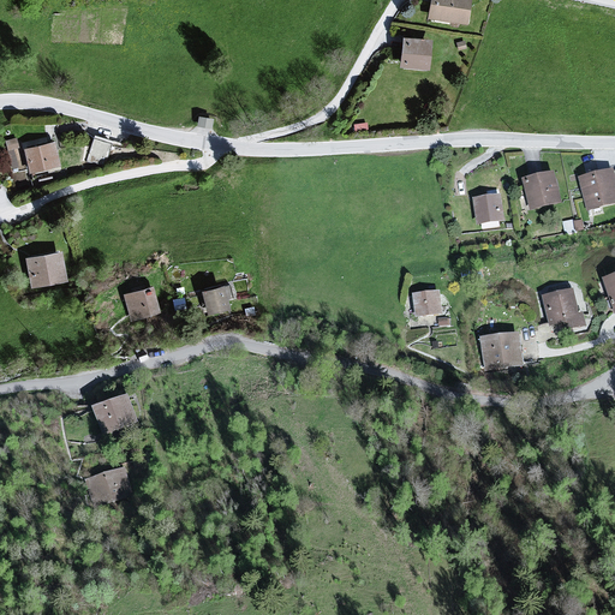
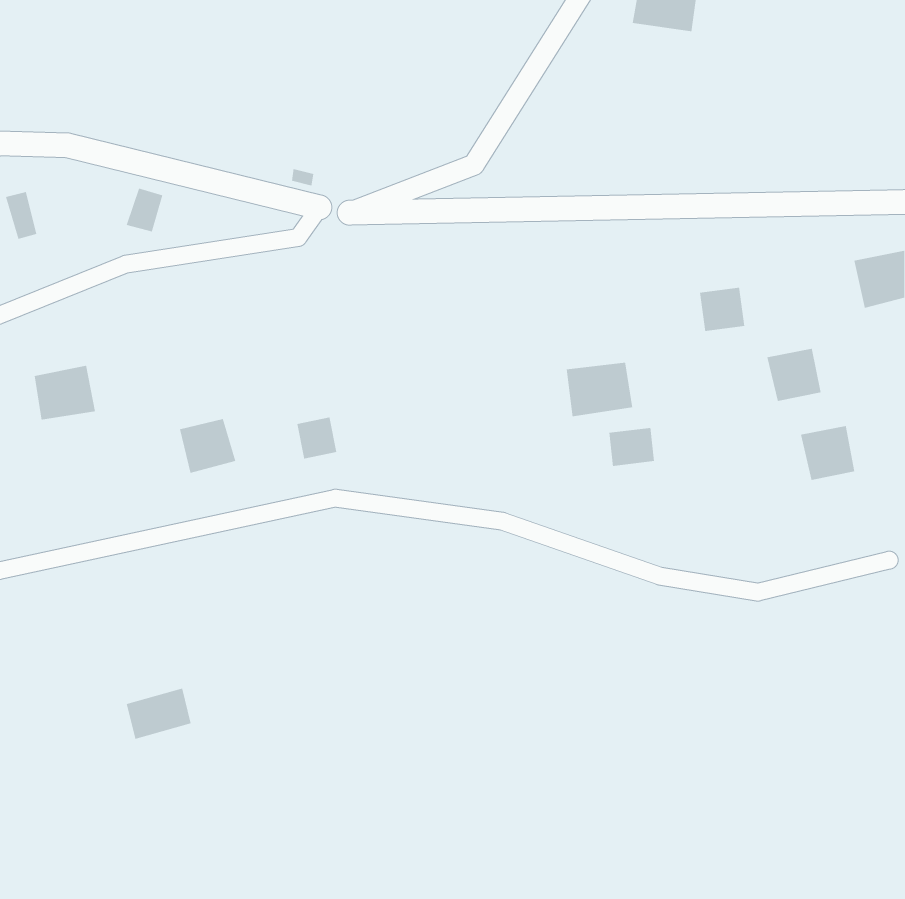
building: [400,34,432,66] -> none
building: [24,139,60,171] -> none
building: [524,172,561,208] -> [766,348,821,401]
building: none -> [566,362,633,417]
building: [480,334,524,376] -> none
building: [91,396,137,434] -> none

